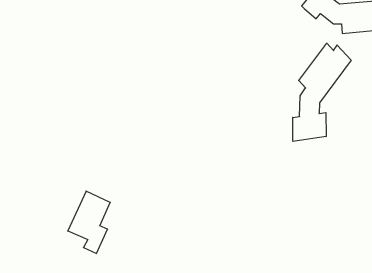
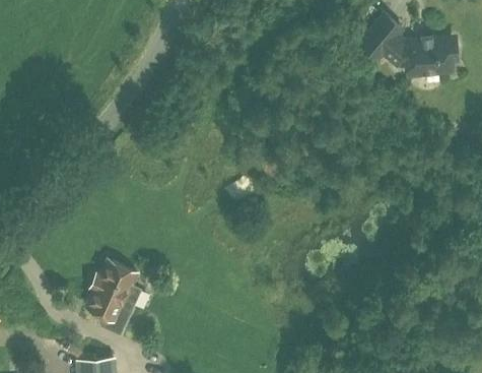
building: [293,43,351,141] -> none

